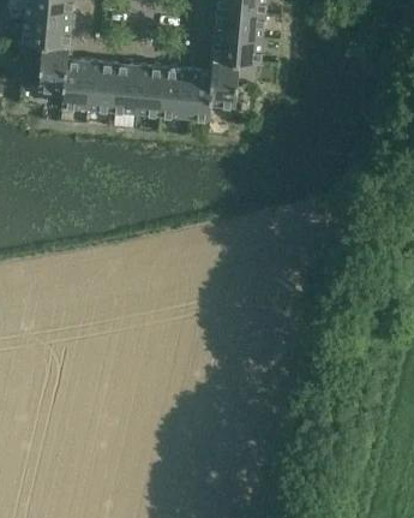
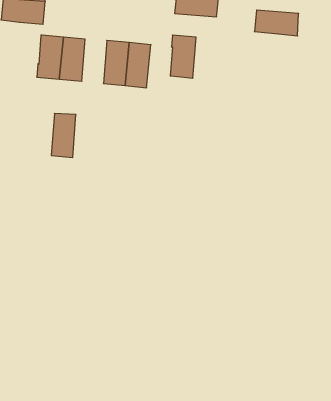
building: [211,34,260,62] -> [254,10,299,36]
building: [37,43,67,90] -> none
building: [110,62,138,112] -> [51,113,76,158]
building: [182,69,211,119] -> none

